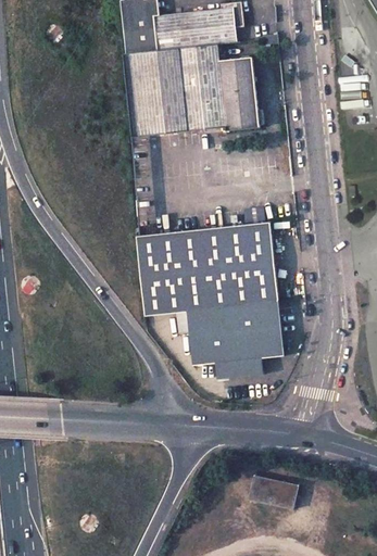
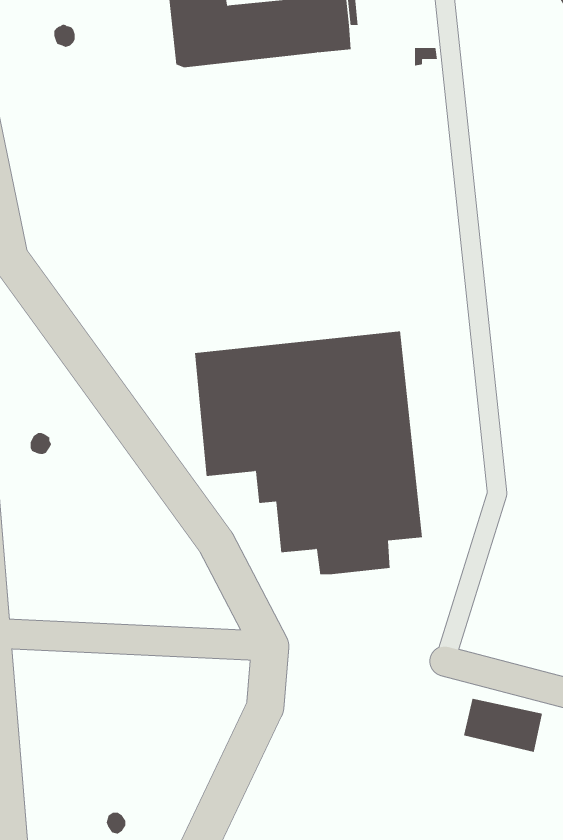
building: [130,43,259,134] -> none
building: [248,475,299,509] -> [463,698,543,753]

